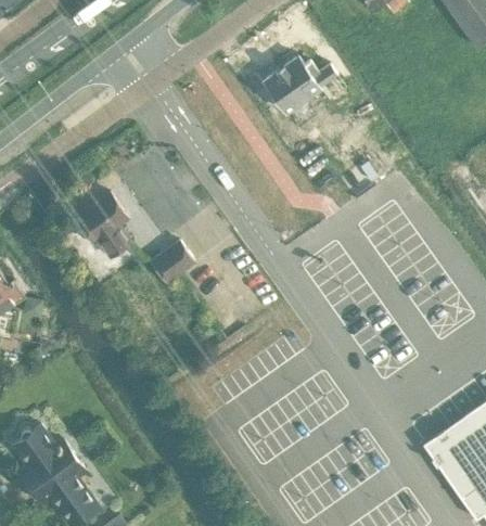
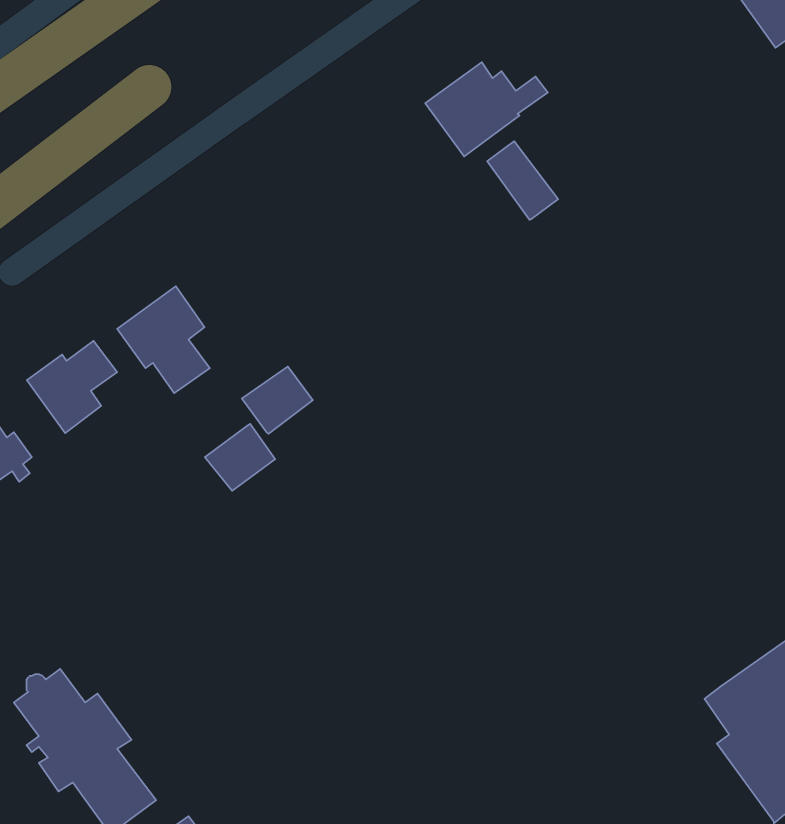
building: none -> [487,141,558,220]
building: none -> [27,341,117,433]
building: none -> [205,424,275,491]

